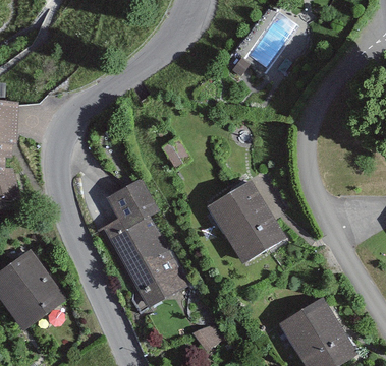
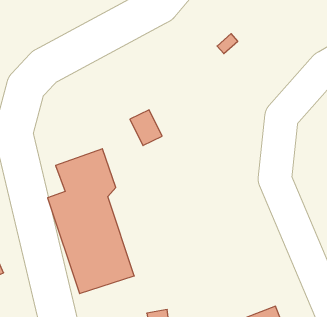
building: [195,175,284,267] -> none

